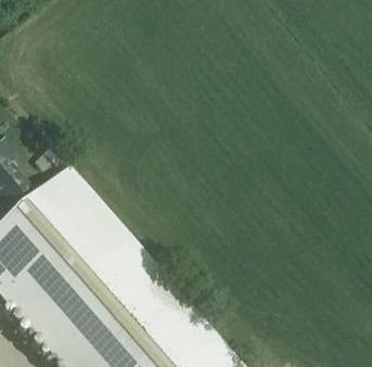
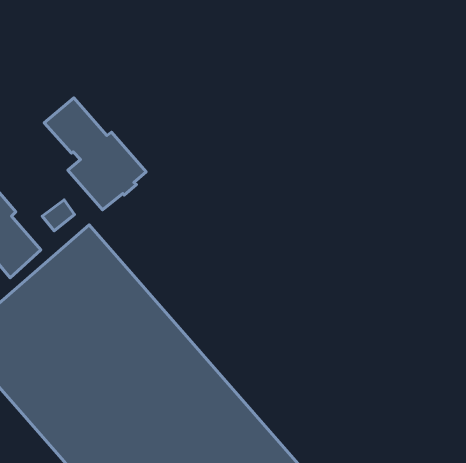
building: none -> [44,98,146,210]

